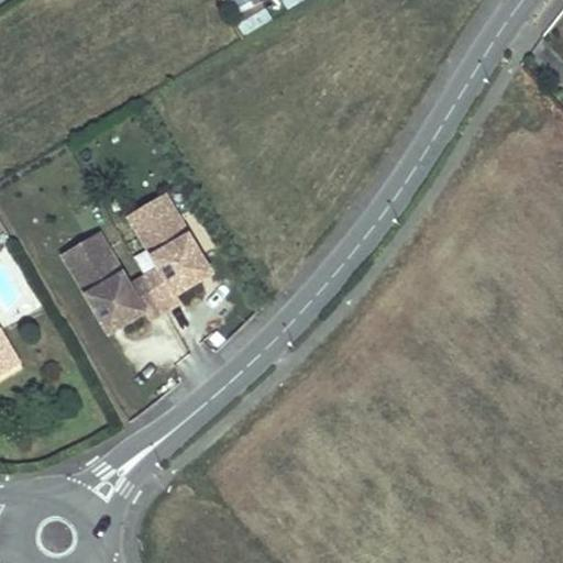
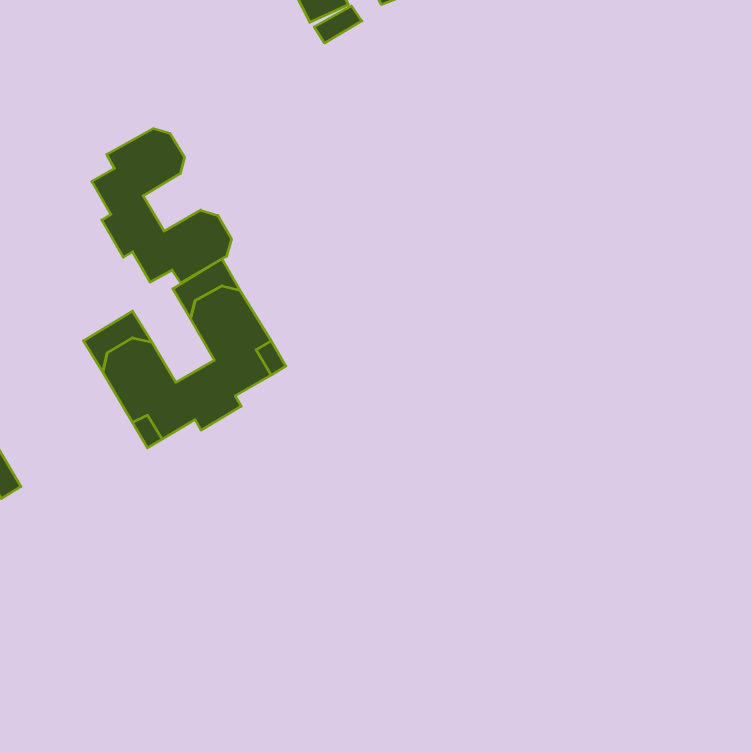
building: none -> [92,129,231,283]

